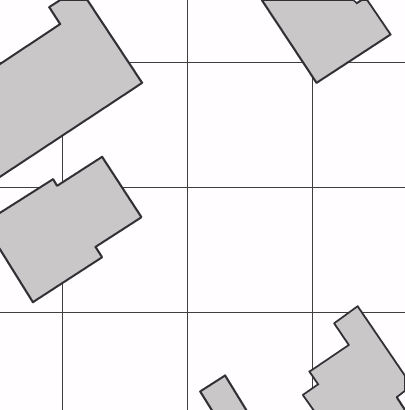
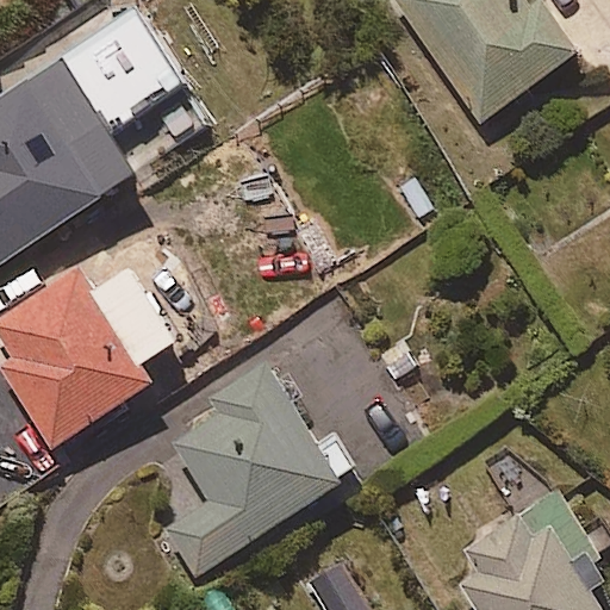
building: none -> [148,362,356,579]

